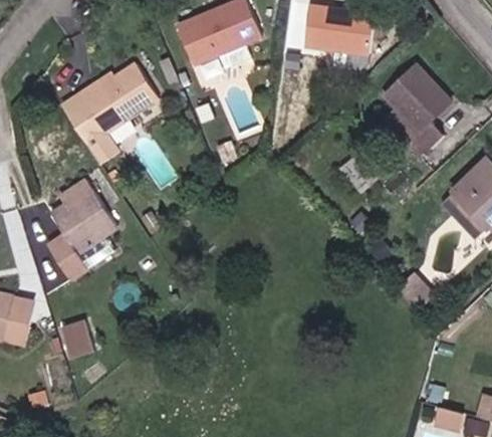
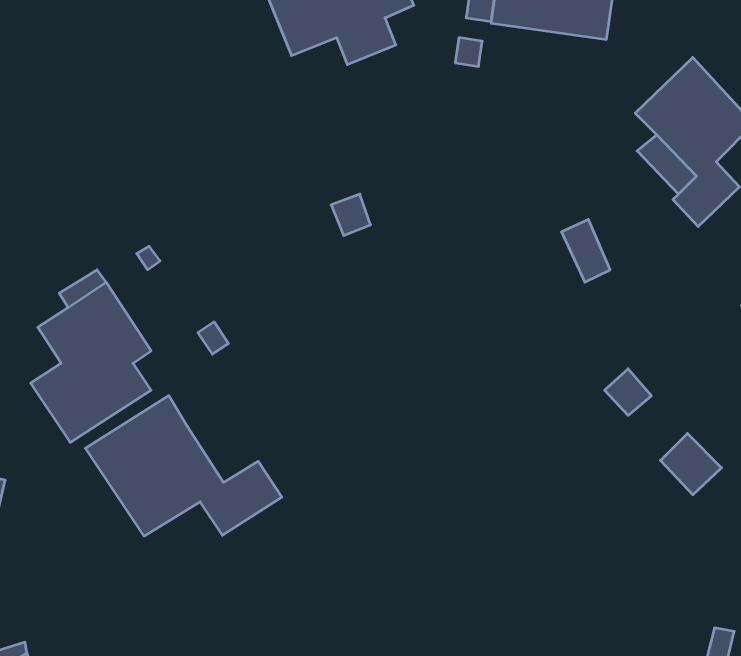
building: [62,62,159,163] -> none
building: none -> [85,396,282,536]
building: [60,320,94,358] -> none

